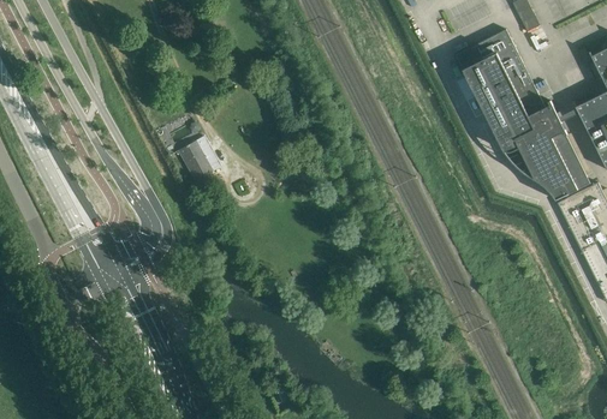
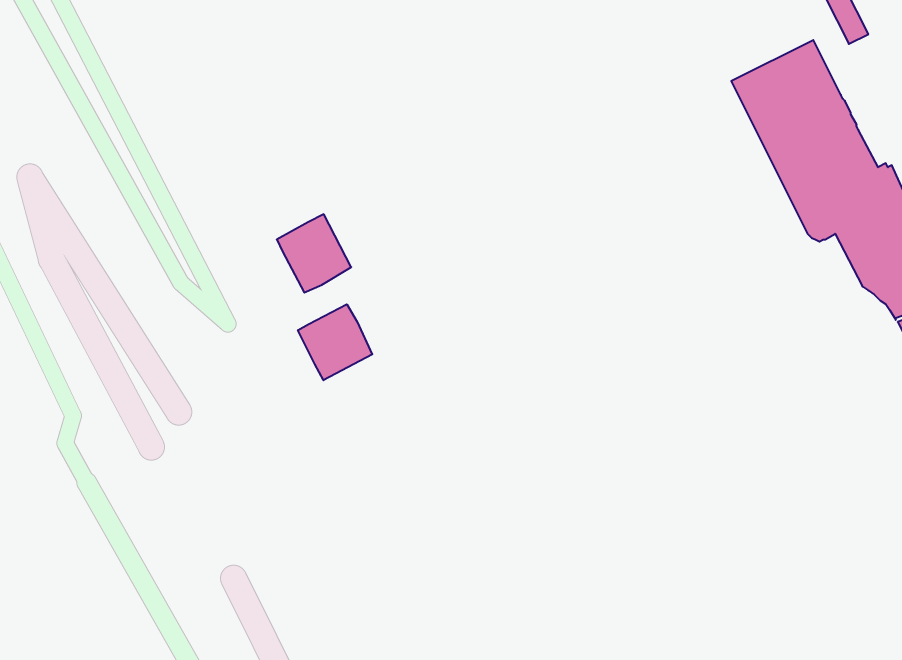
building: none -> [298,304,372,380]

